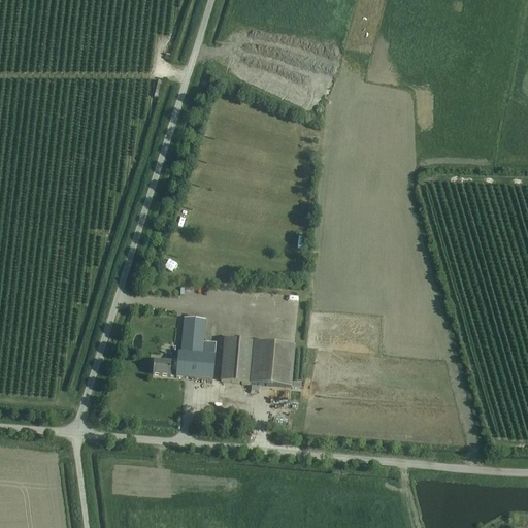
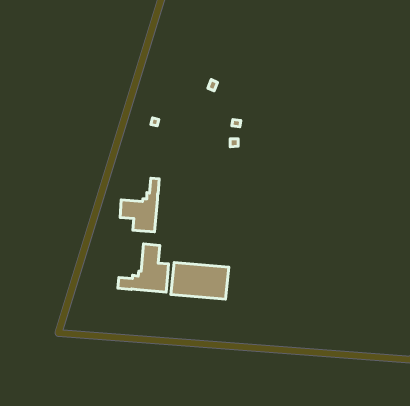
building: none -> [120,178,159,232]

